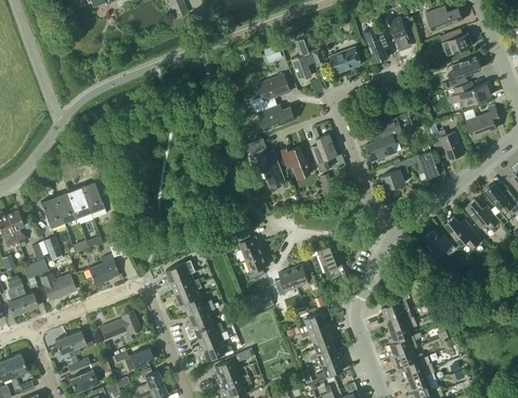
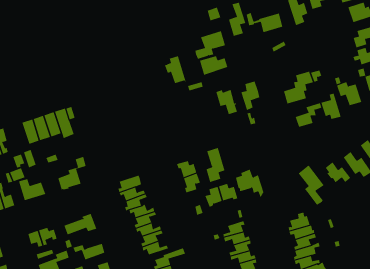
building: [256,151,285,187] -> [164,55,187,84]
building: none -> [206,147,225,183]
building: none -> [298,165,324,205]

